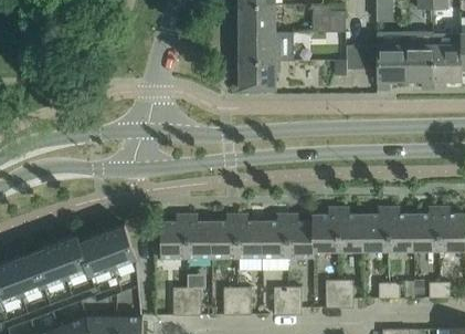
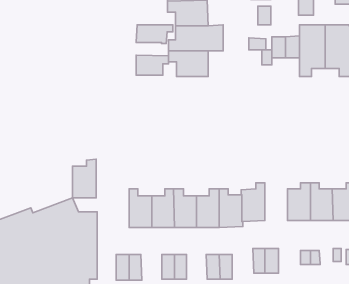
building: none -> [136,25,173,43]
building: none -> [136,55,169,75]
building: [338,208,363,250] -> none
building: [160,215,187,258] -> [73,159,96,198]

